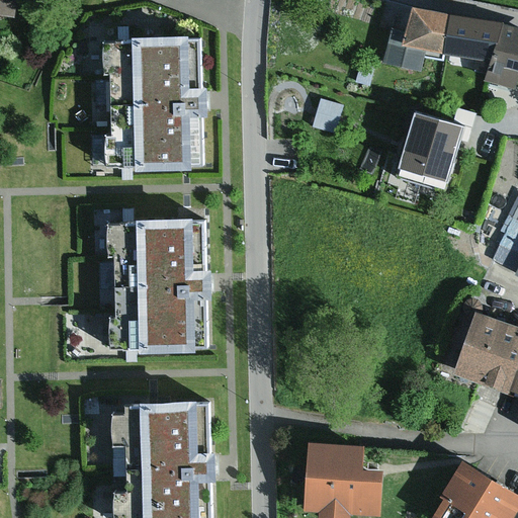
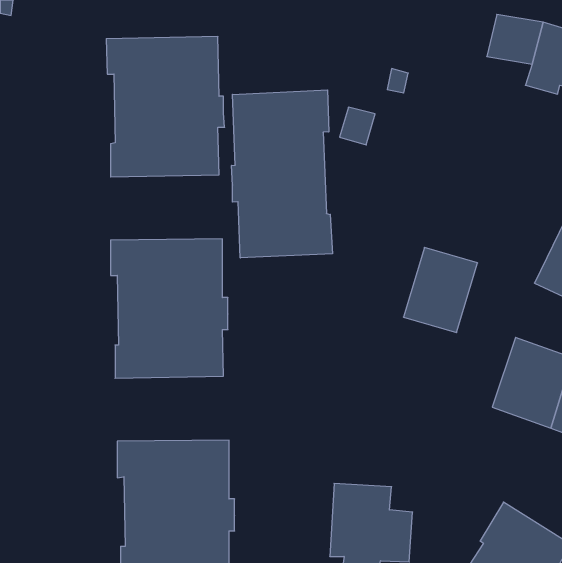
building: [381,6,457,72] -> none
building: none -> [232,90,332,258]
building: [398,113,465,191] -> [403,247,478,333]

